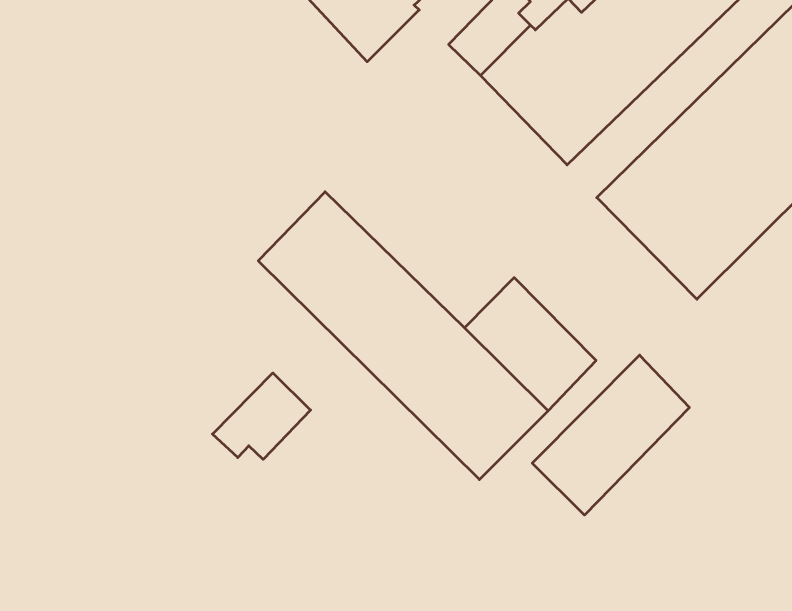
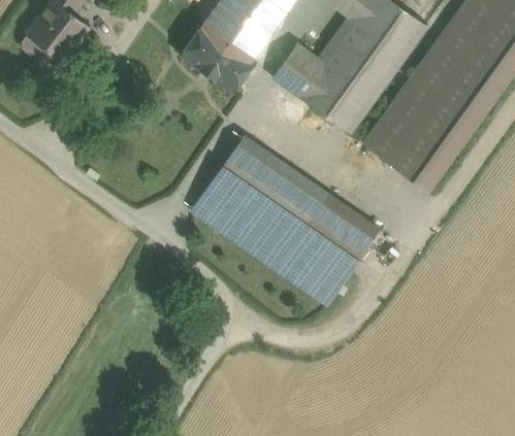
building: none -> [221,134,328,224]
building: [532,355,689,515] -> none
building: [212,373,311,459] -> none

